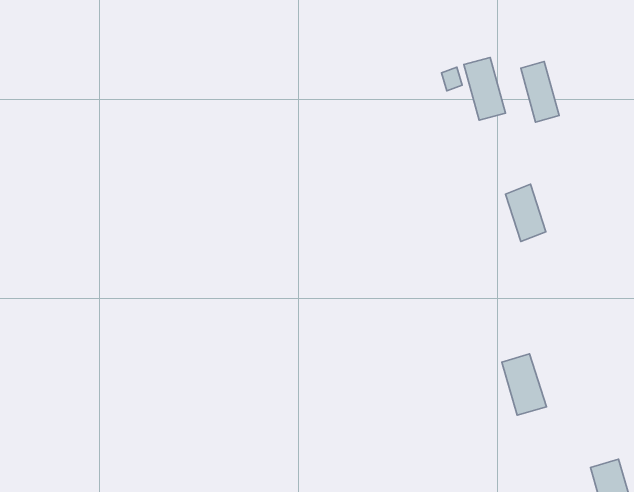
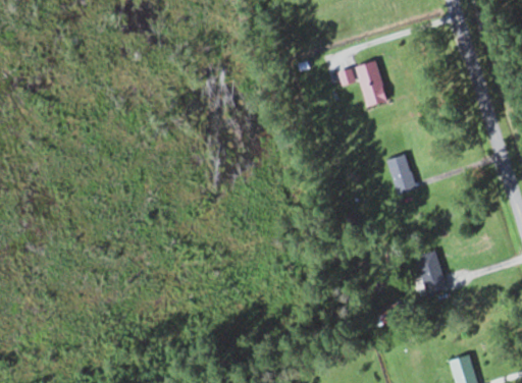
building: [521,62,559,122] -> none
building: [502,354,546,415] -> [415,251,448,295]

